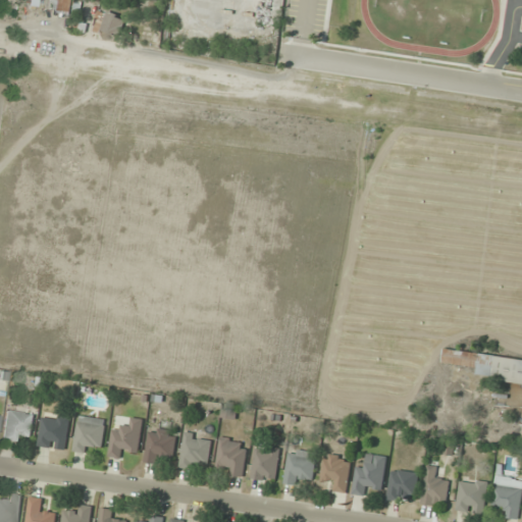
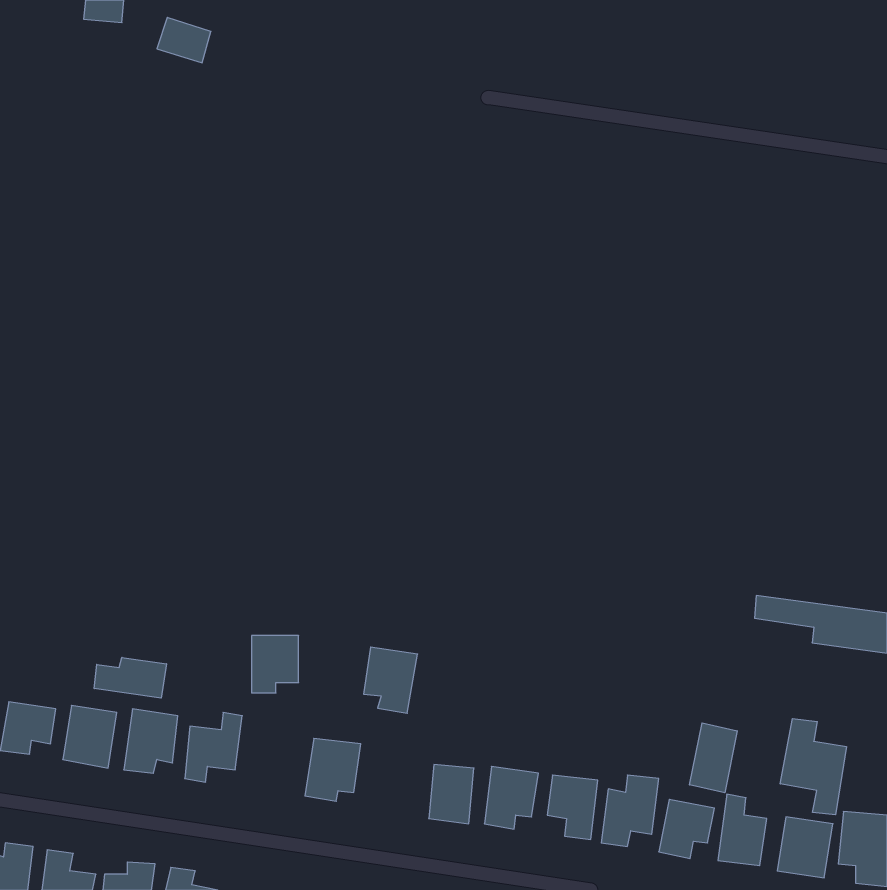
building: none -> [94,657,166,698]
building: none -> [780,719,846,815]
building: none -> [690,723,737,793]
building: [146,428,173,462] -> [252,636,299,693]
building: [215,437,247,476] -> [364,647,418,713]

